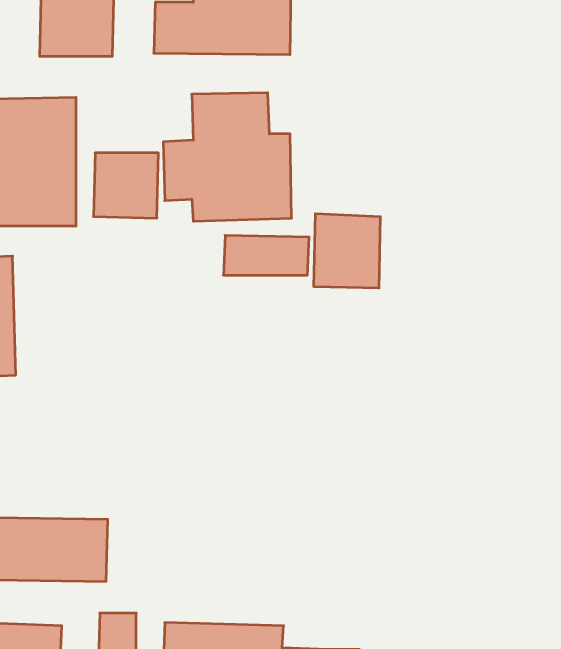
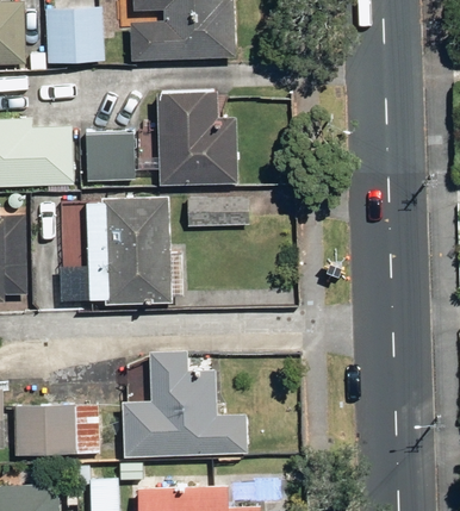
building: [314,214,380,288] -> none
building: none -> [88,198,170,300]
building: none -> [124,354,249,455]

